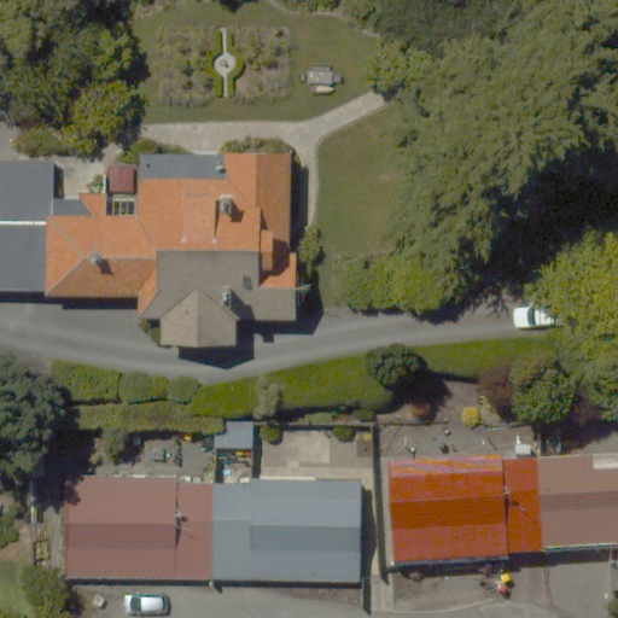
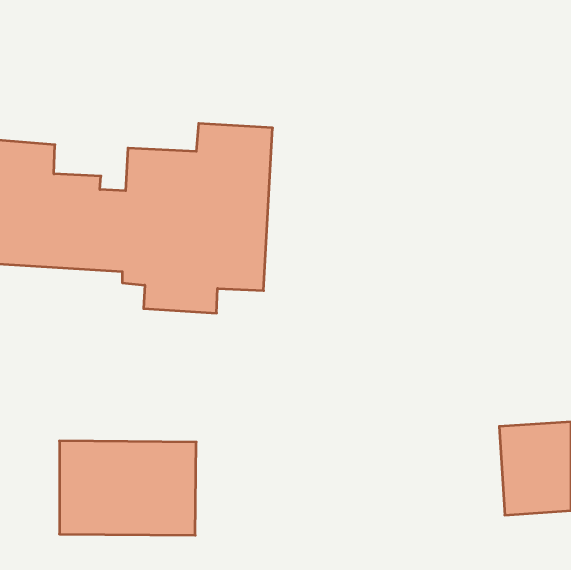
building: [384,462,543,566] -> none
building: [210,479,361,581] -> none

